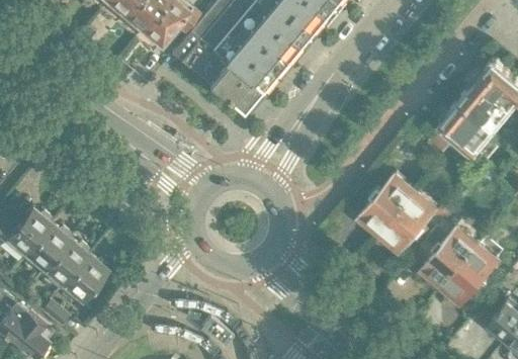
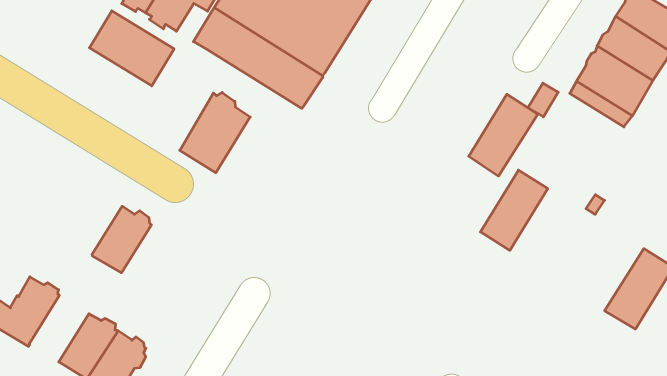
building: none -> [89,11,174,86]
building: none -> [180,92,250,173]
building: [379,195,433,253] -> [469,94,538,176]
building: [26,222,72,270] -> [92,206,151,273]
building: [422,231,476,288] -> none

